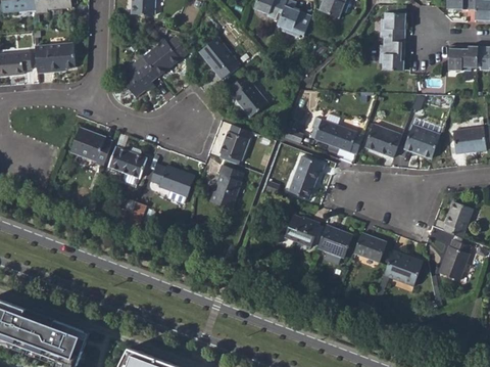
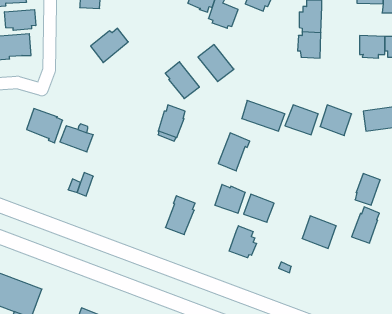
building: none -> [5,10,36,30]
building: [198,37,239,79] -> [198,45,234,82]
building: [121,51,157,97] -> none
building: [150,164,194,196] -> none
building: [209,165,243,209] -> [165,196,195,235]
building: [352,232,386,262] -> none
building: none -> [229,226,257,258]

